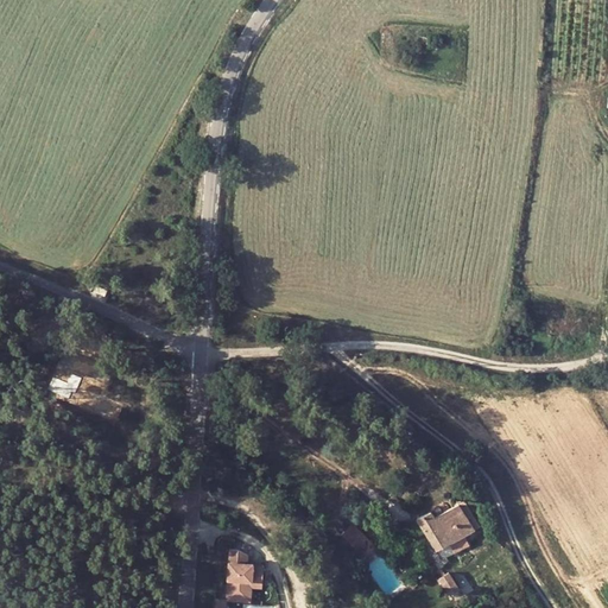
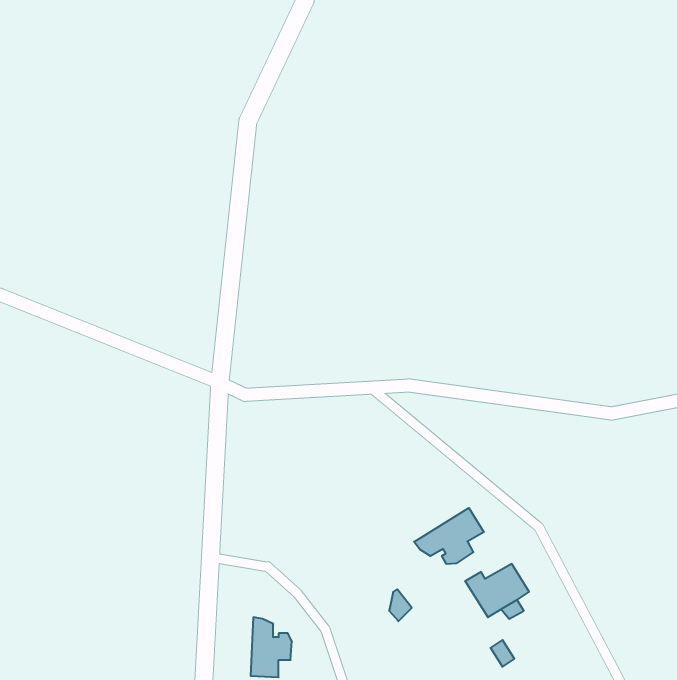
building: none -> [414,508,484,564]

